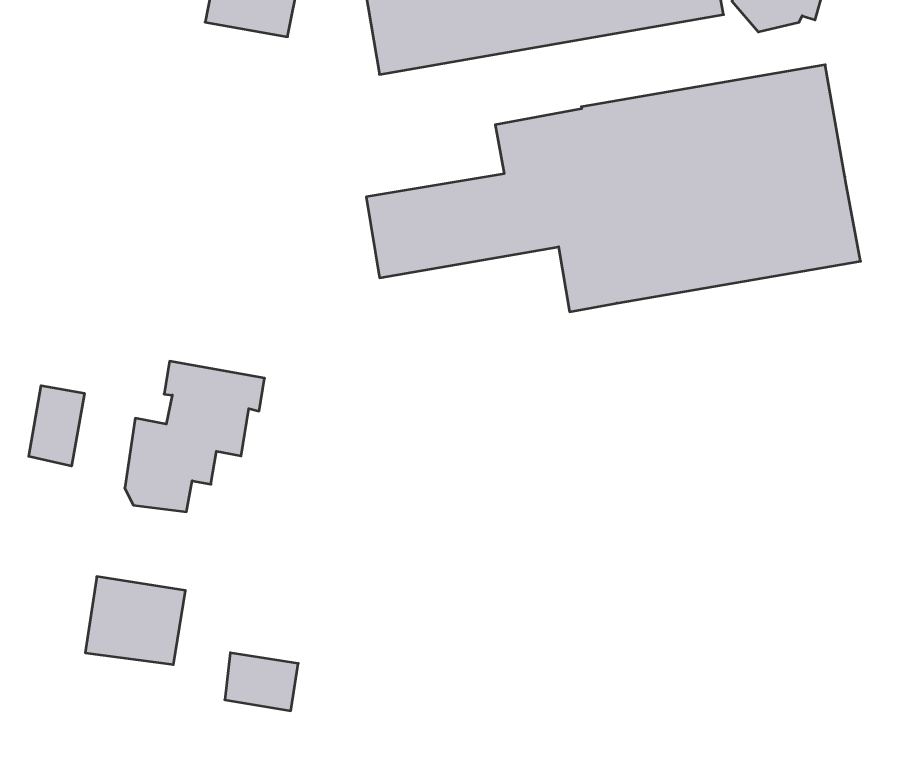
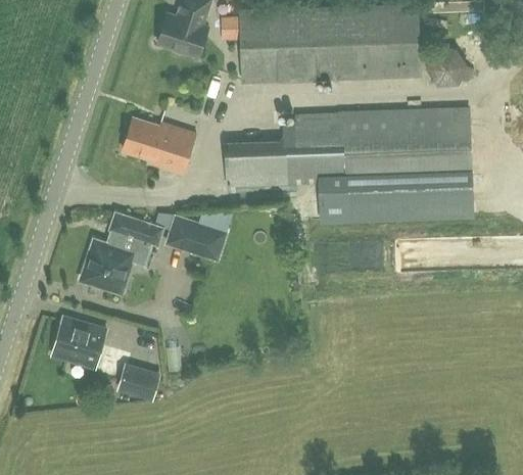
building: none -> [122,118,195,176]
building: none -> [167,217,225,260]
building: [29,386,84,466] -> none

